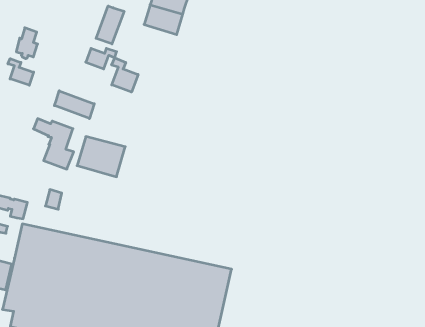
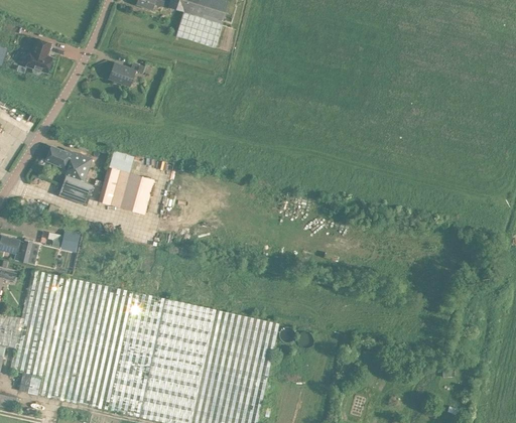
building: [96,6,124,44] -> none
building: [112,58,138,92] -> none
building: [8,59,34,85] -> none
building: [54,91,94,119] -> none

